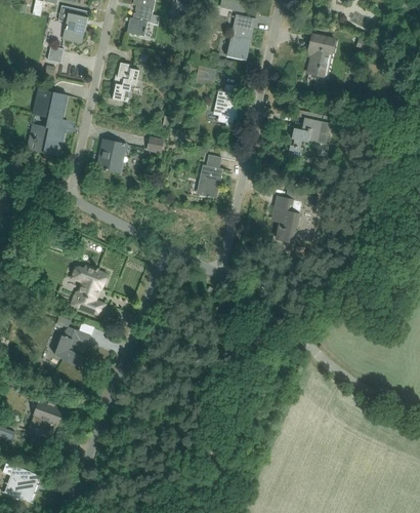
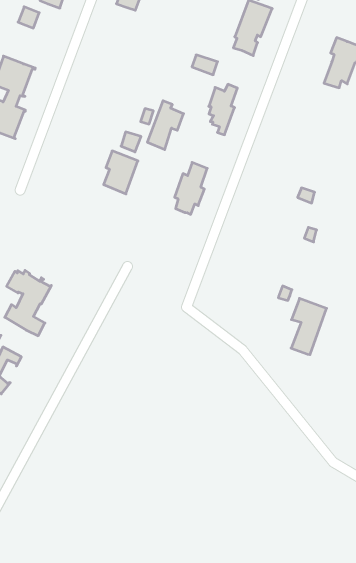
building: [113,63,139,103] -> [147,101,184,150]
building: [288,112,332,158] -> none
building: [100,140,126,173] -> [104,151,138,194]
building: [274,197,301,242] -> [291,298,327,355]

